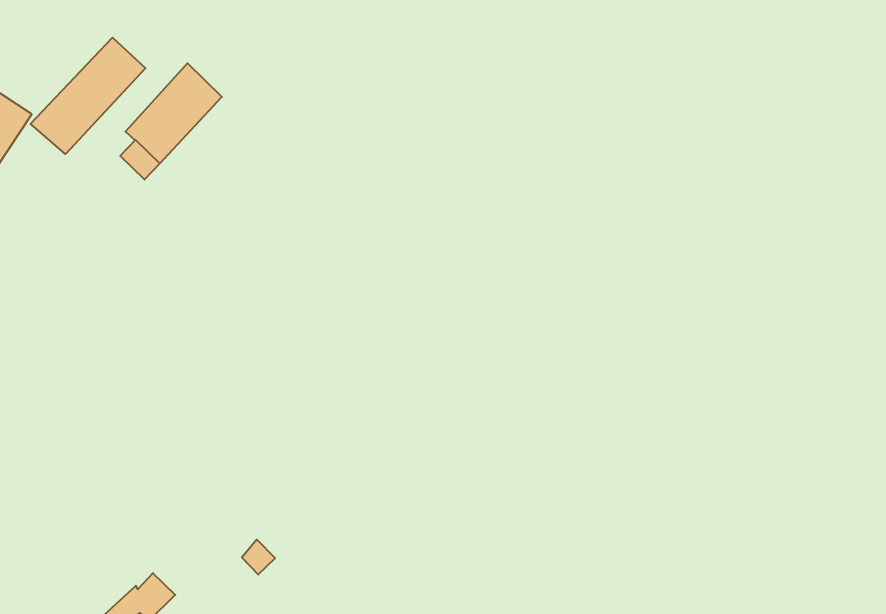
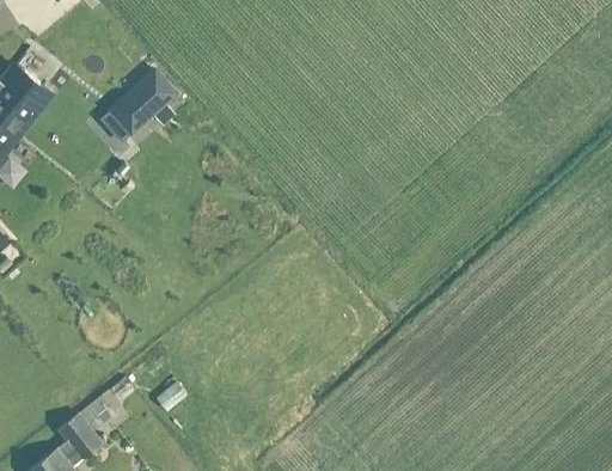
building: [31,38,145,154] -> none

